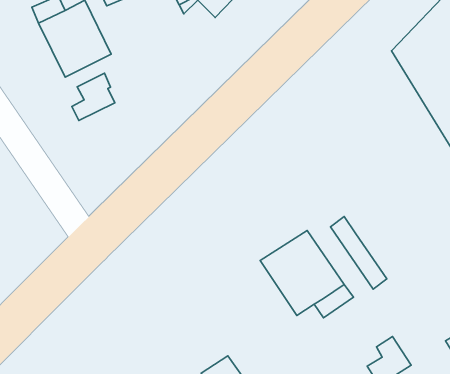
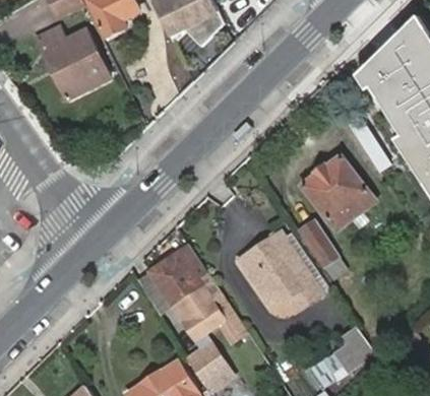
building: [72,73,115,121] -> none
building: none -> [303,154,374,227]
building: none -> [150,251,246,338]

